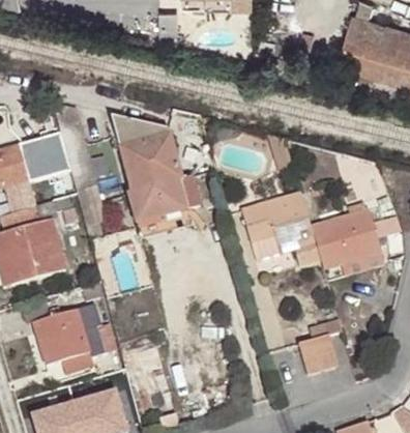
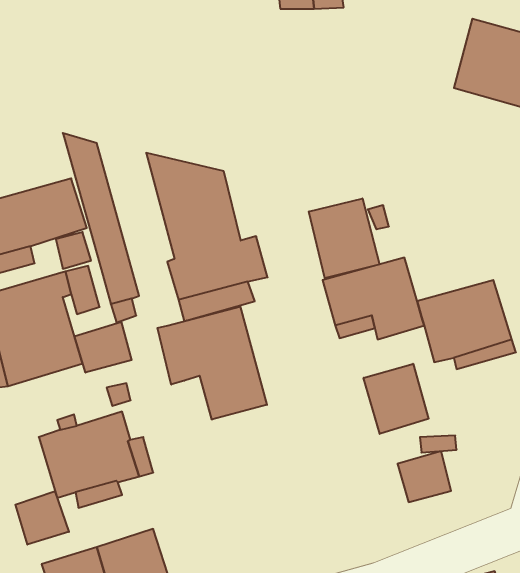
building: none -> [309,198,380,278]
building: none -> [157,307,267,420]
building: none -> [74,322,132,373]
building: none -> [364,364,429,434]
building: none -> [15,491,69,545]

